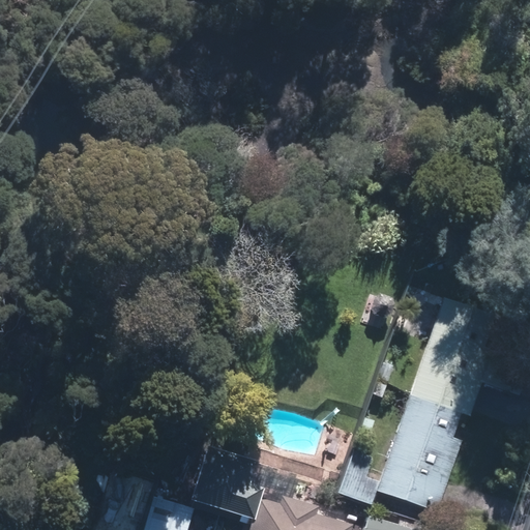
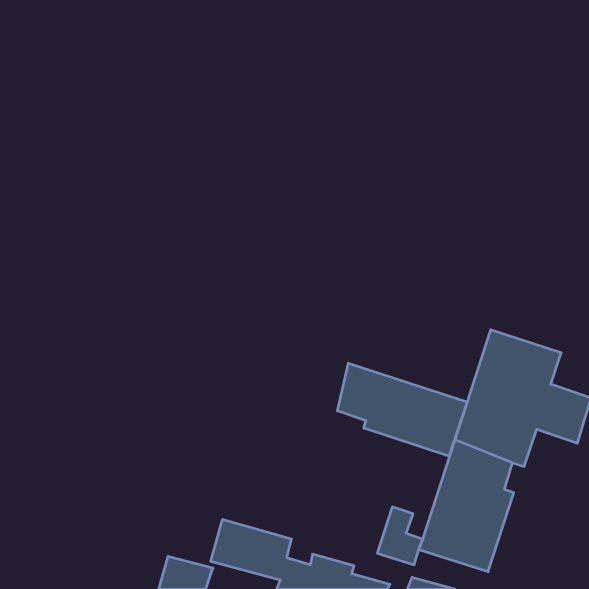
building: none -> [337,363,467,456]

